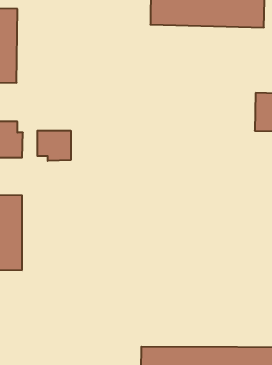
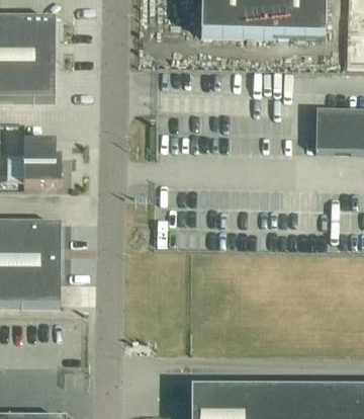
building: [37,131,71,161] -> none

